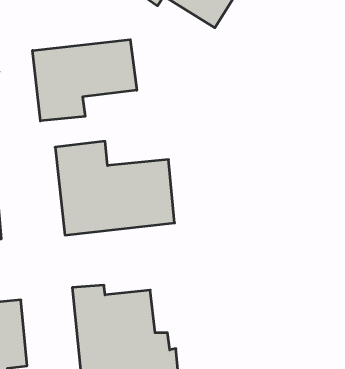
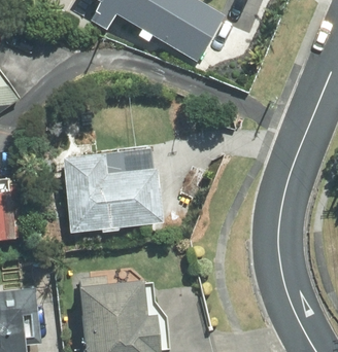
building: [33,40,137,121] -> none

